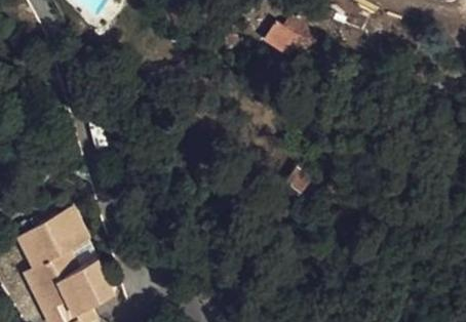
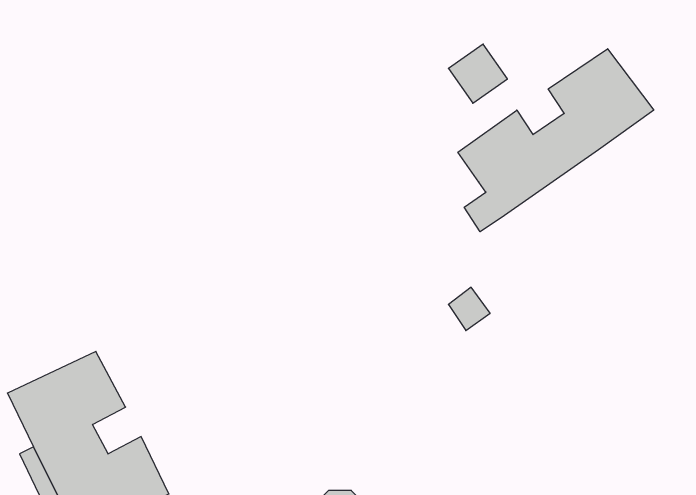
building: none -> [458,49,654,232]

